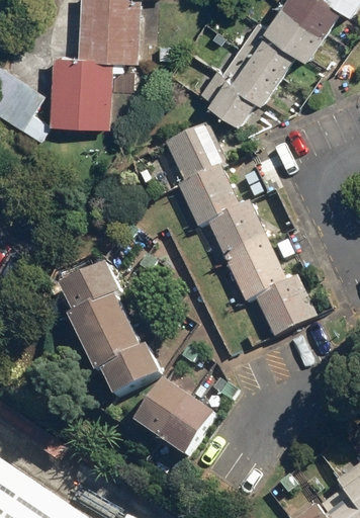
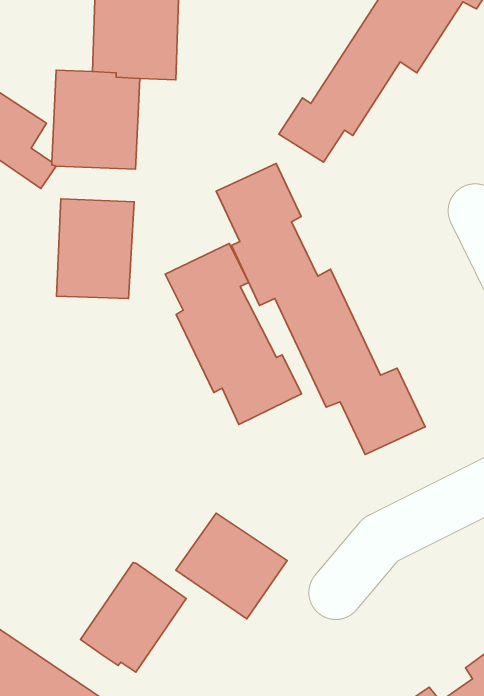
building: none -> [56,199,134,298]
building: [63,264,162,396] -> [165,243,302,425]
building: none -> [80,563,186,672]

